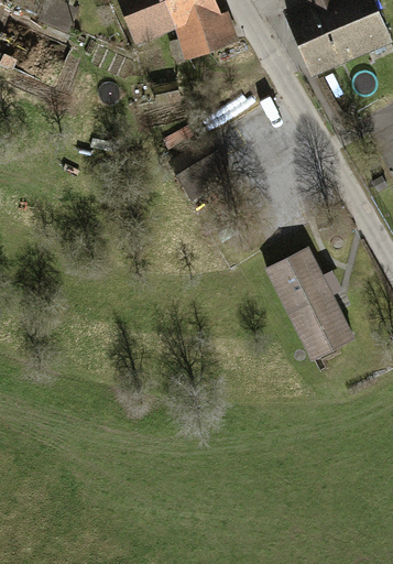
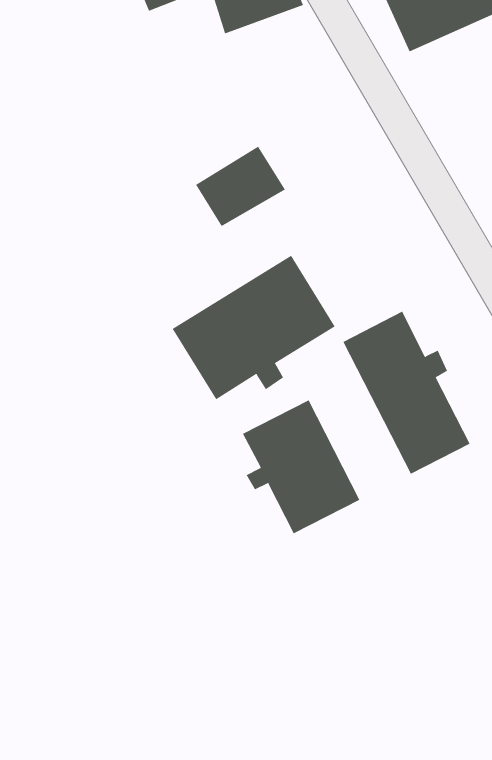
building: none -> [172,255,335,400]
building: none -> [242,399,360,534]

